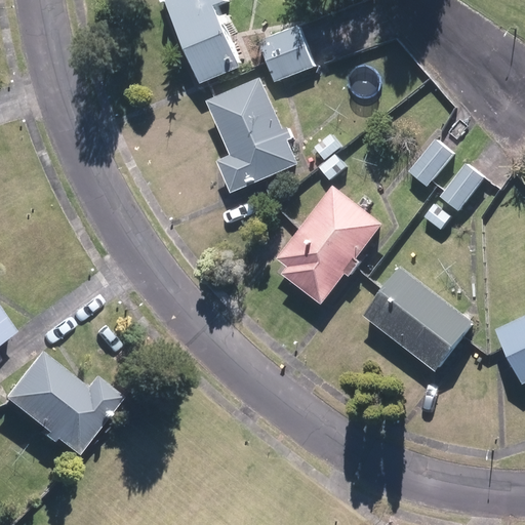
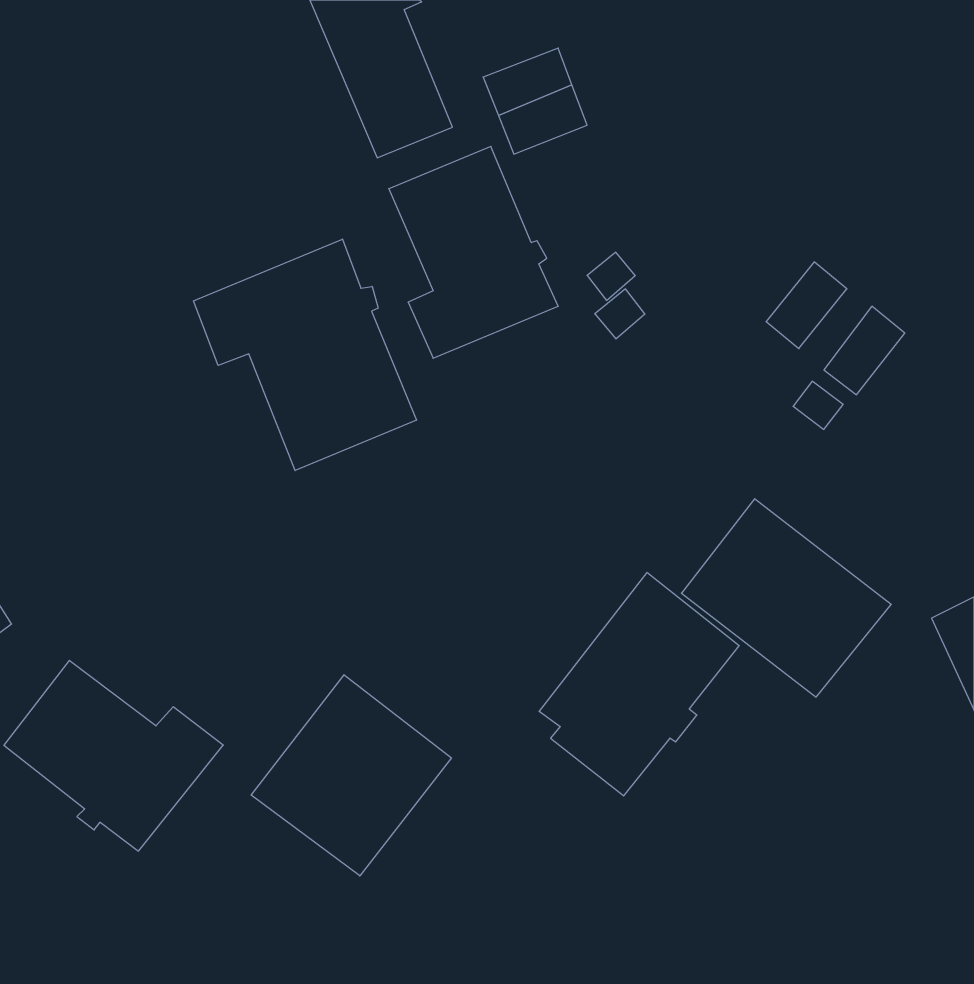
building: none -> [194,239,416,471]
building: [276,186,382,305] -> [539,573,739,796]
building: none -> [251,675,451,876]

